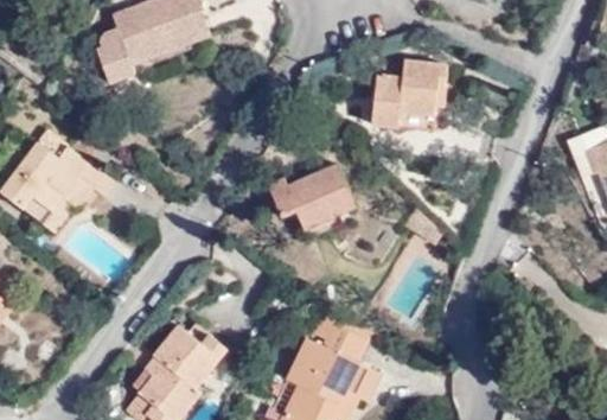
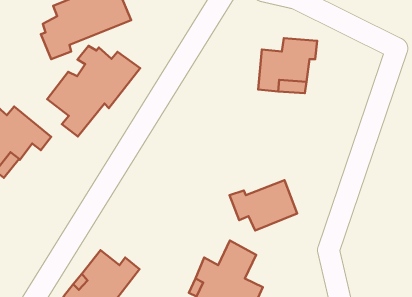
building: none -> [47,46,140,137]
building: [270,164,354,227] -> [230,180,297,230]

